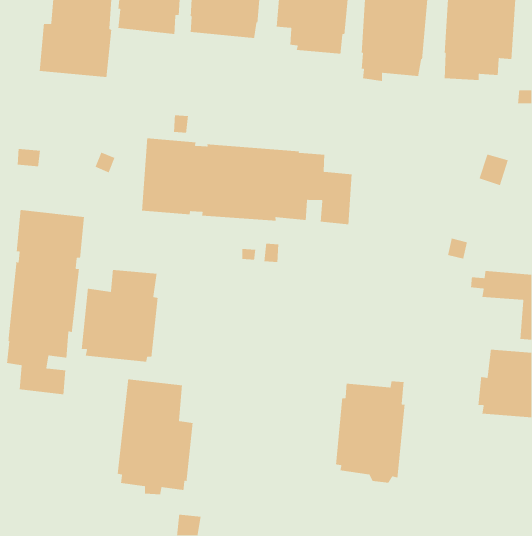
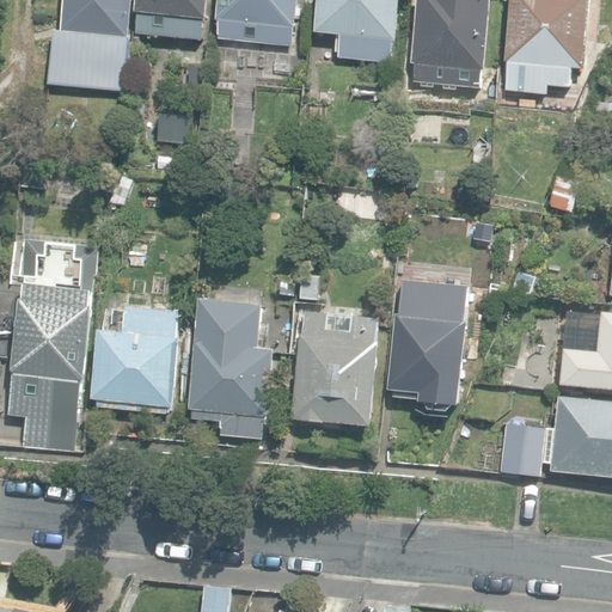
building: [141,137,353,225] -> none
building: none -> [290,311,377,423]
building: none -> [500,423,546,477]
building: [117,378,193,495] -> [186,298,274,430]
building: [335,381,406,484] -> [386,293,466,410]

